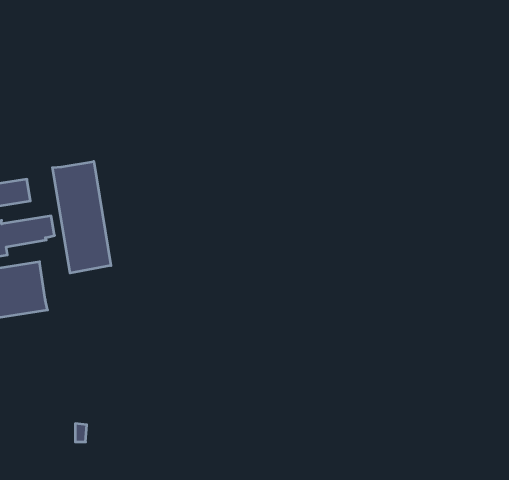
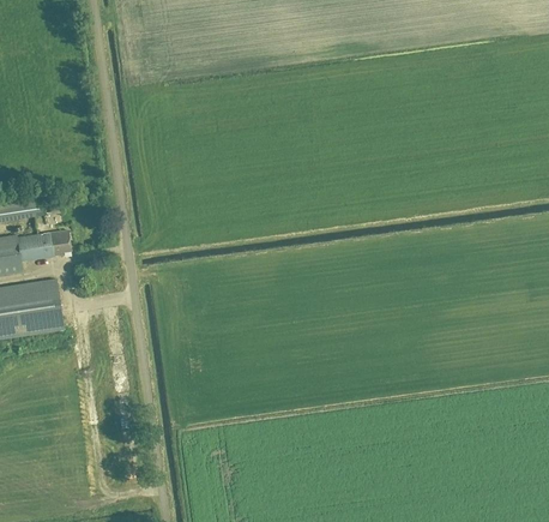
building: [52,161,111,273] -> none

